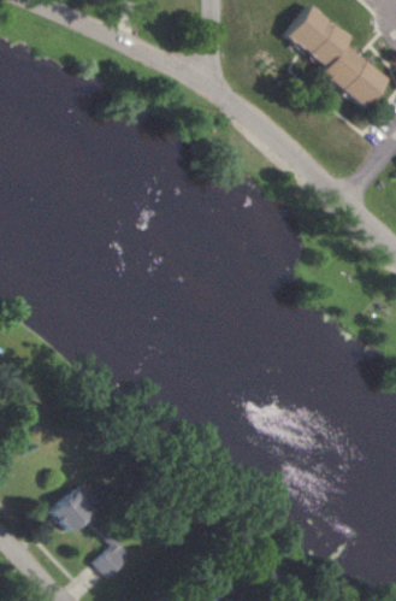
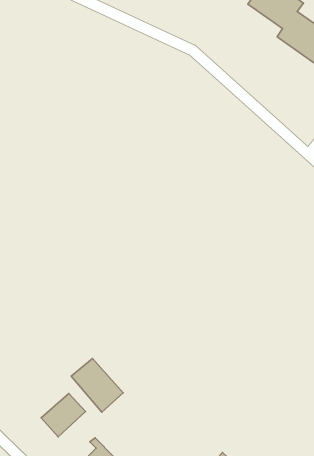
building: none -> [71,358,123,412]

